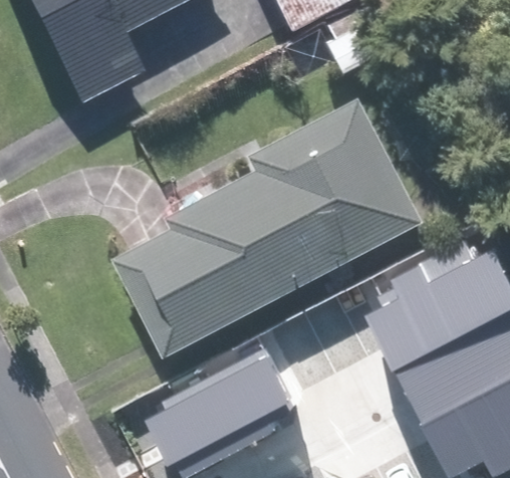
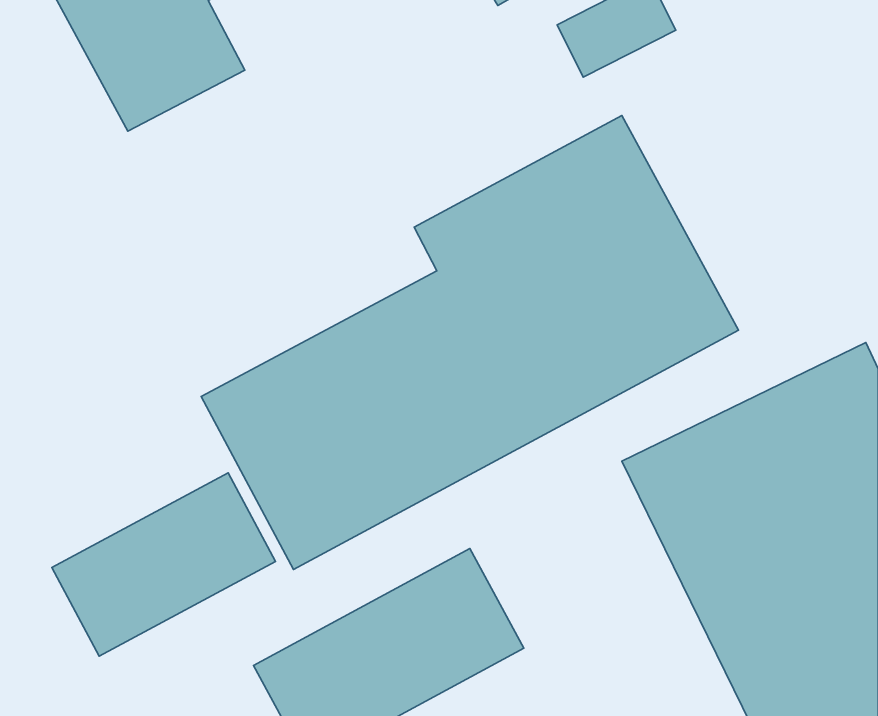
building: none -> [52,473,276,656]

